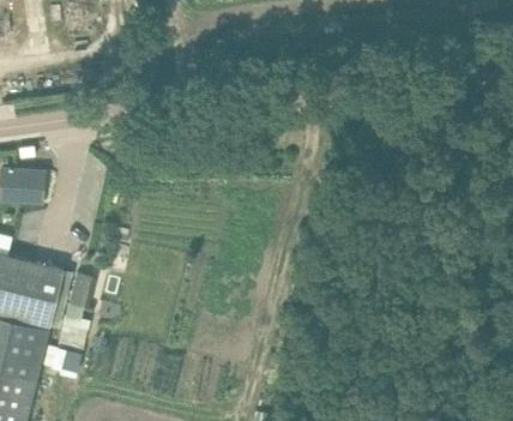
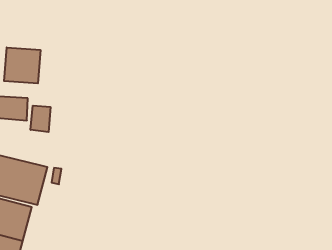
building: none -> [4,47,40,83]
building: none -> [31,106,50,132]

